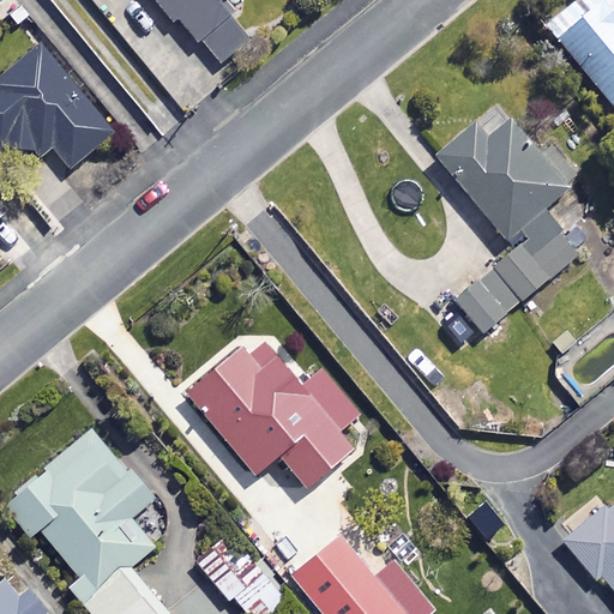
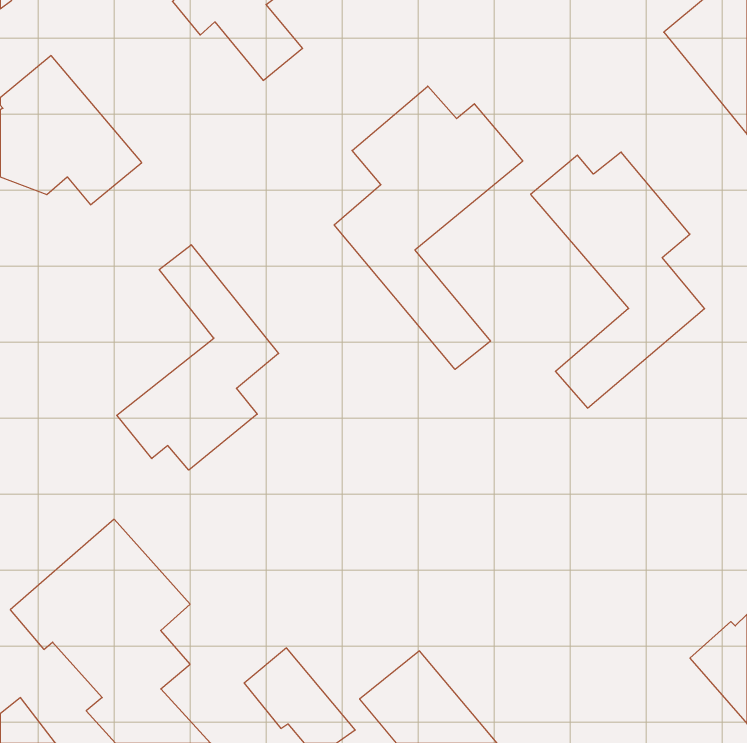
building: none -> [334,86,523,369]
building: none -> [117,245,279,470]
building: [191,333,360,486] -> none

